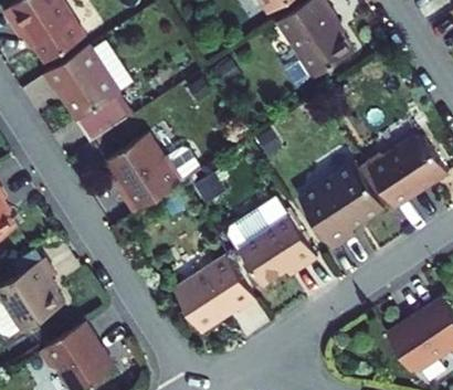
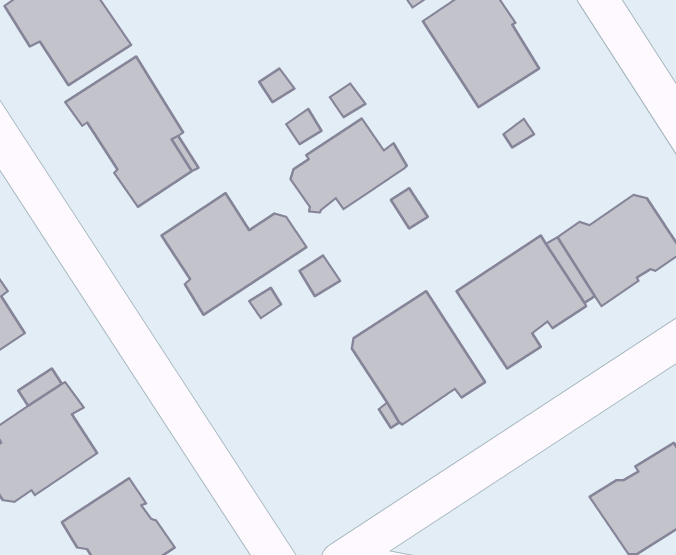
building: none -> [291,118,407,213]
building: [173,256,256,333] -> none

